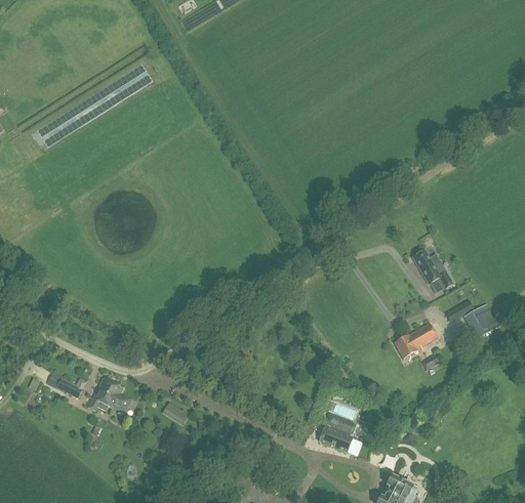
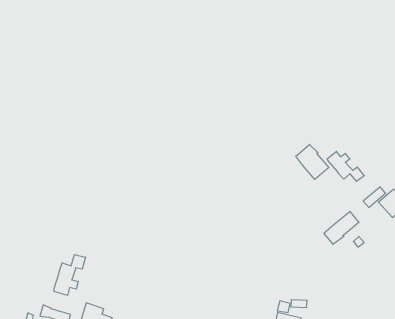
building: none -> [296,144,329,179]
building: none -> [54,255,85,295]

